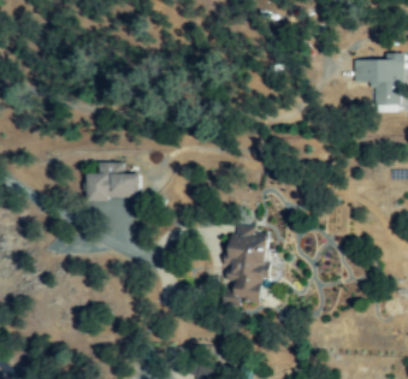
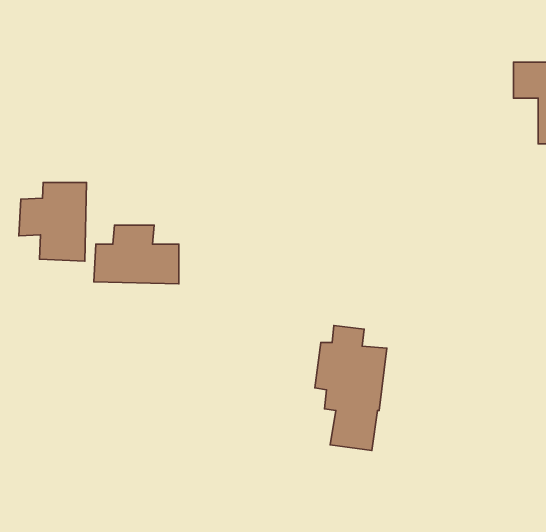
building: none -> [19,183,86,261]

